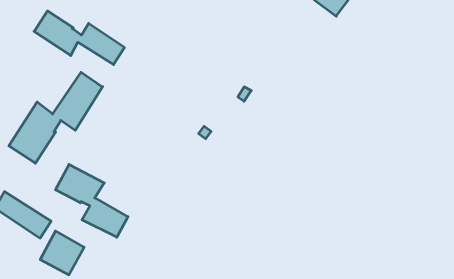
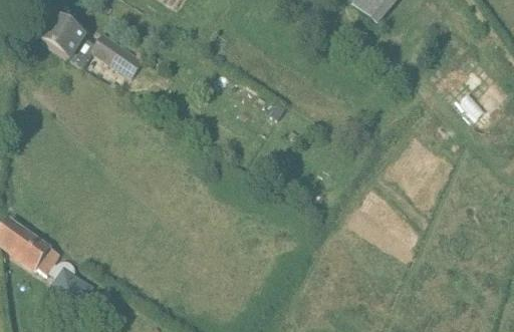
building: [9,72,103,163] -> none
building: [56,164,128,237] -> none

